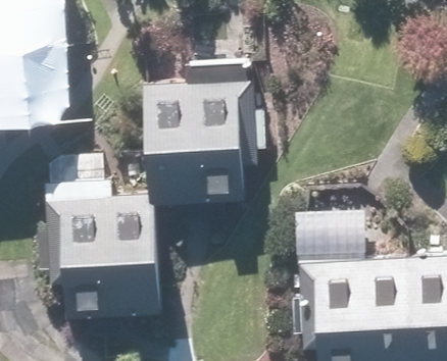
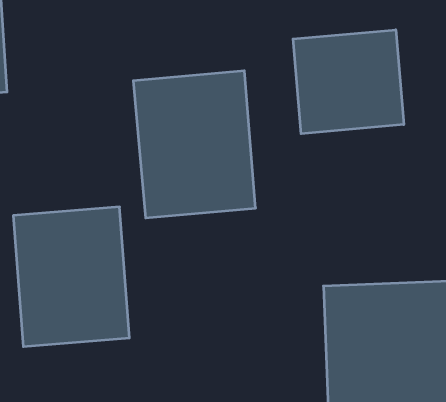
building: none -> [293,30,404,134]

